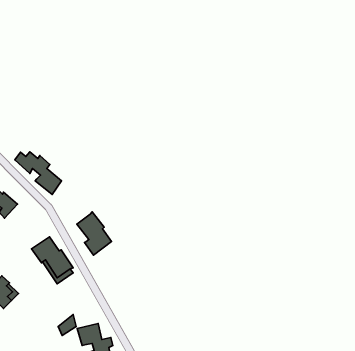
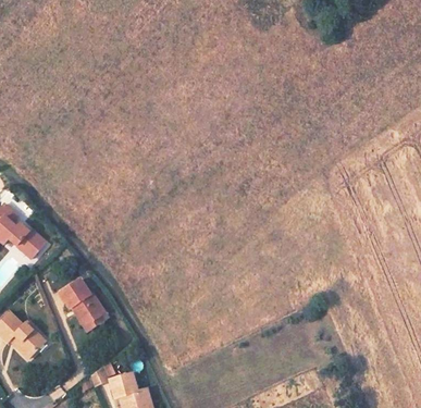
building: [15,152,62,195] -> none
building: [77,212,111,255] -> none

